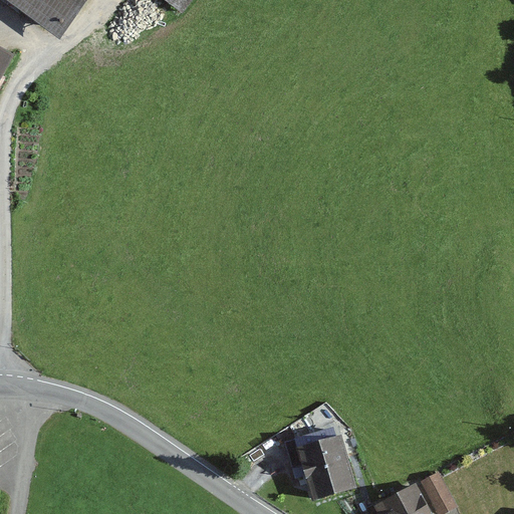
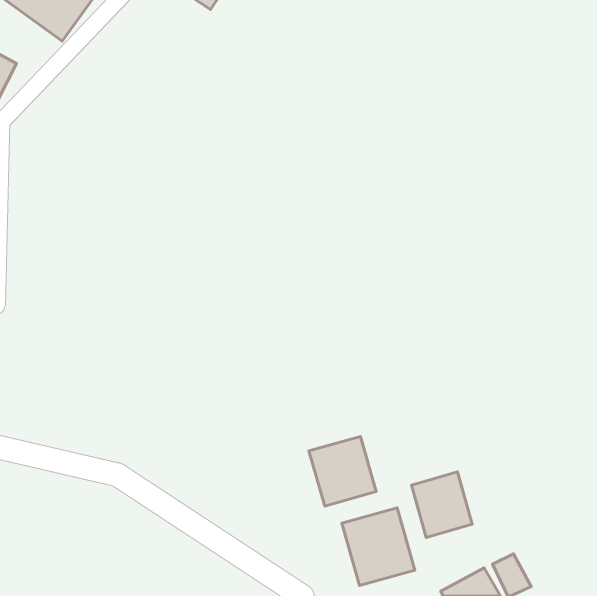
building: none -> [309,436,376,506]
building: none -> [411,472,472,537]

